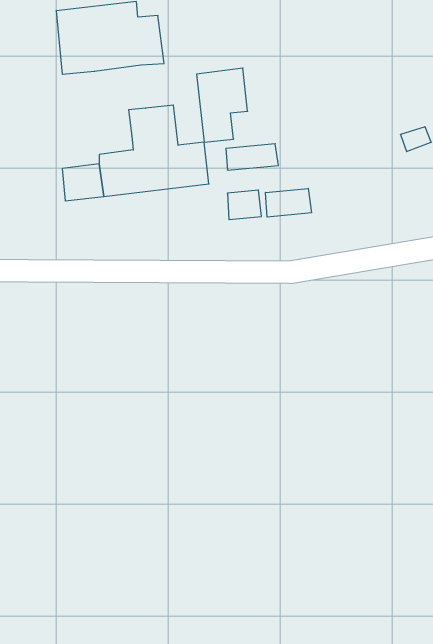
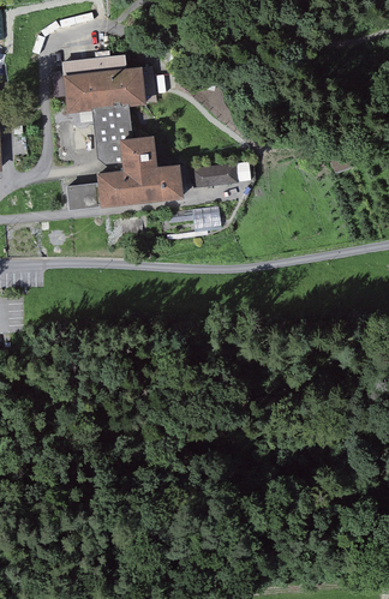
building: [197,68,248,142] -> [91,104,131,162]
building: [266,188,311,217] -> none

